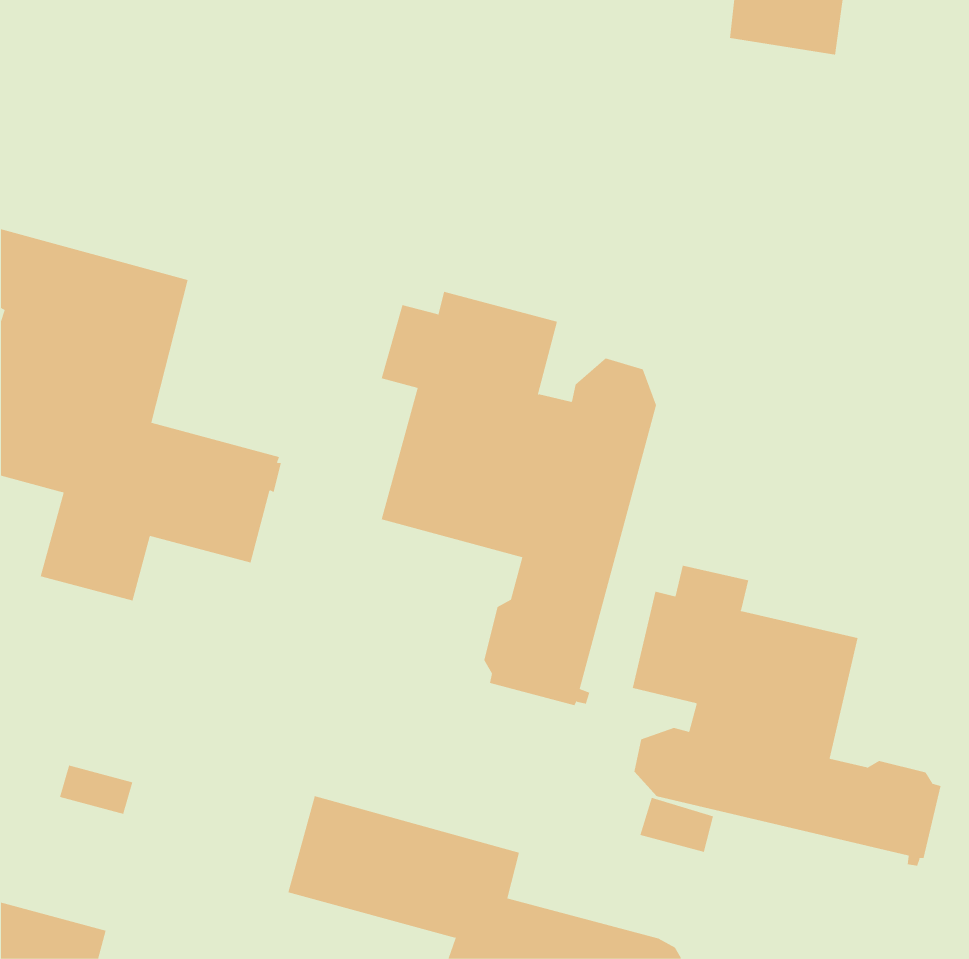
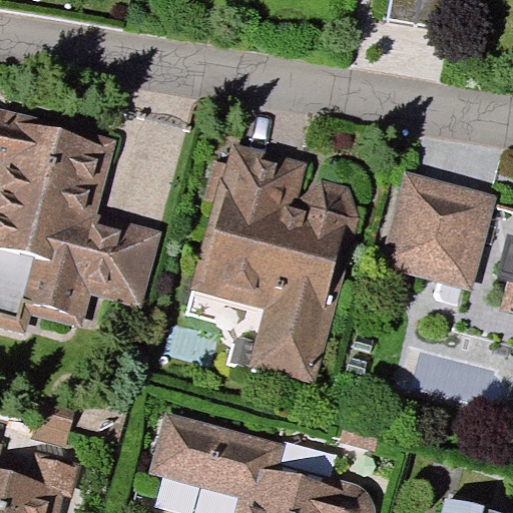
building: none -> [387,181,486,283]
building: [632,565,941,867] -> none

